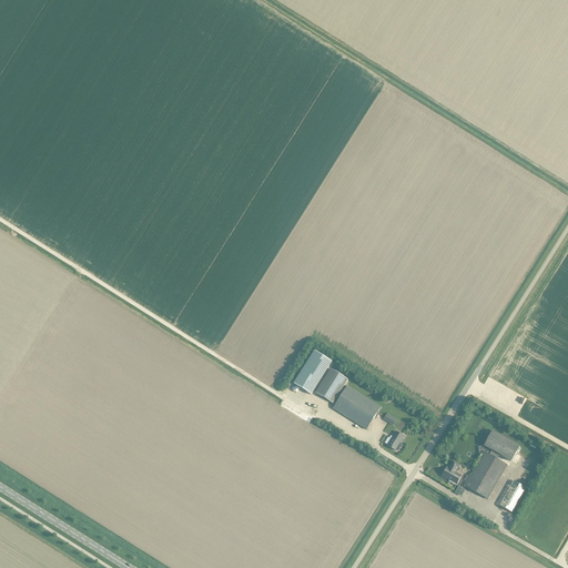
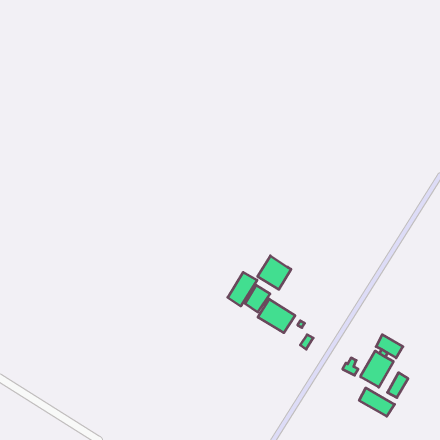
building: none -> [258,256,291,289]
building: none -> [359,388,395,416]

